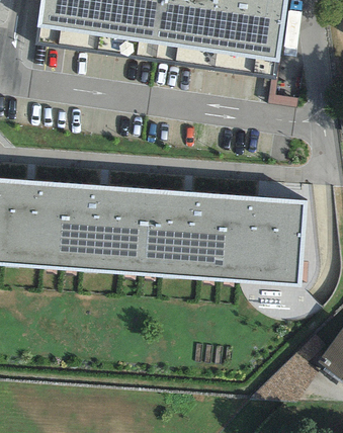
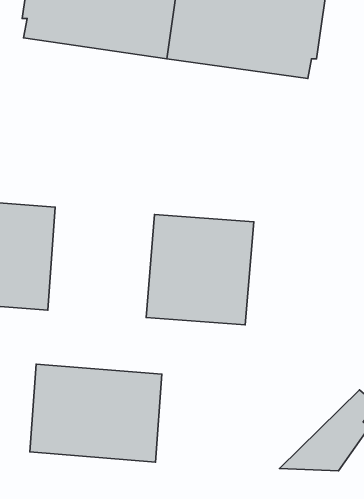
building: [58,182,146,273] -> none
building: [221,194,308,285] -> none
building: none -> [30,364,162,462]

